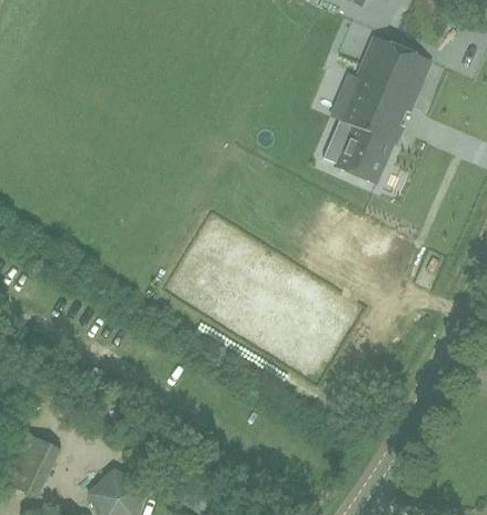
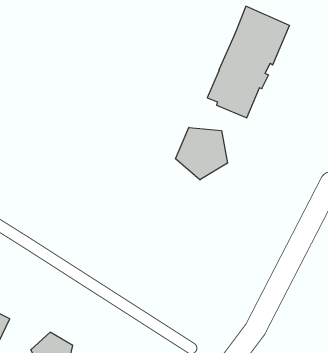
building: none -> [176,127,227,180]

